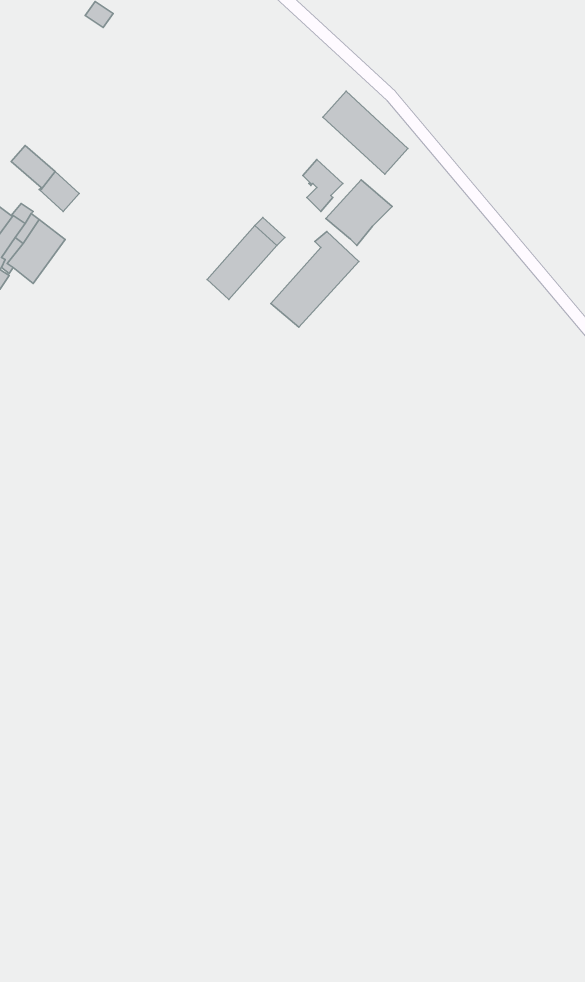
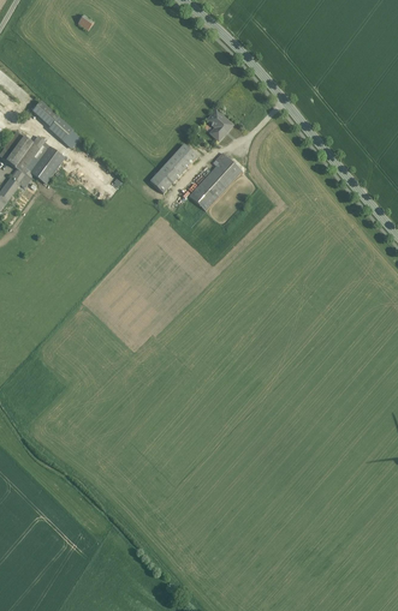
building: [323,91,408,174] -> none
building: [326,180,392,245] -> none

